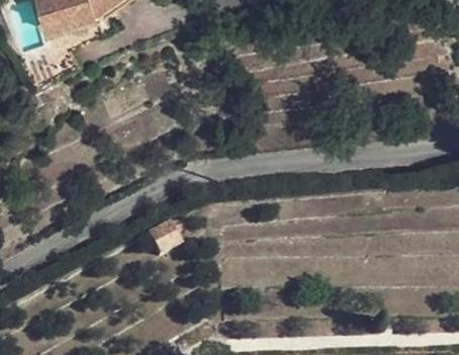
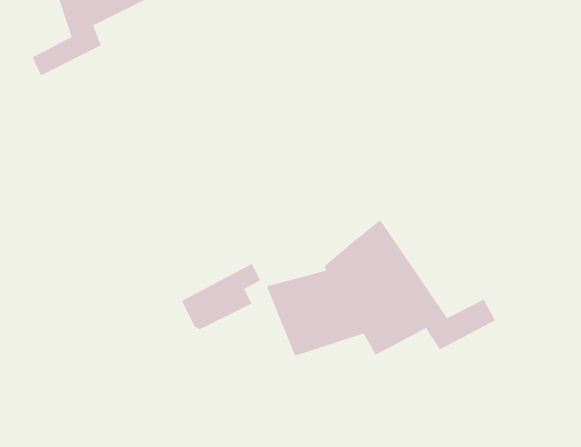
building: none -> [266,219,496,357]

